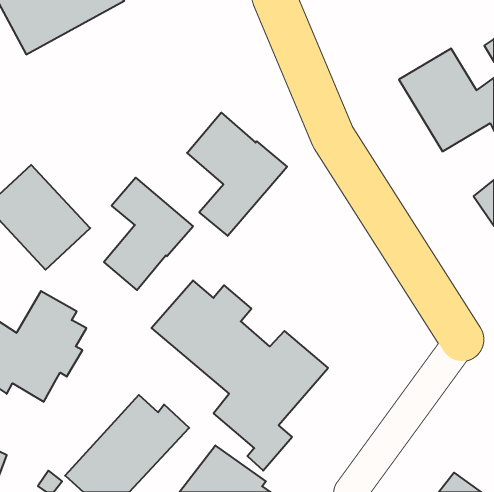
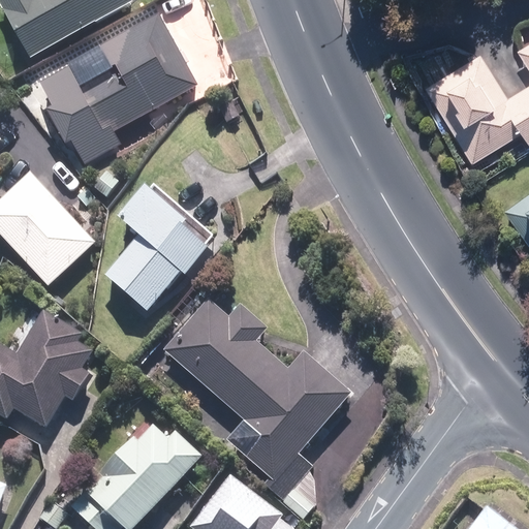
building: none -> [37,14,197,164]
building: [187,113,287,236] -> none

